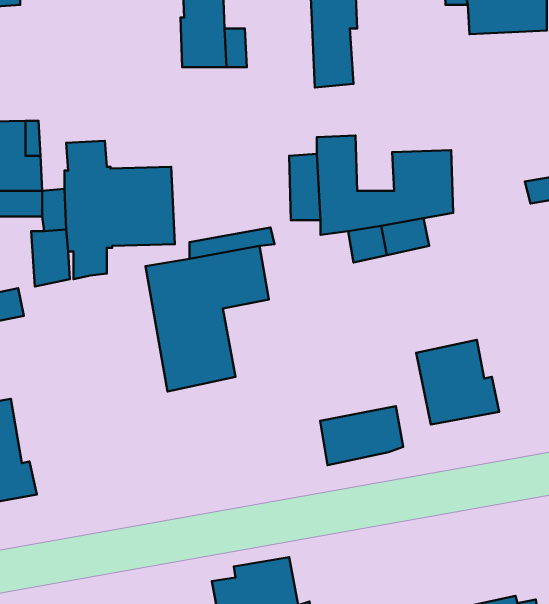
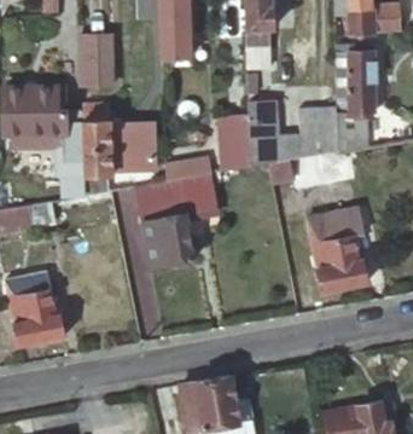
building: none -> [83,36,110,86]
building: none -> [335,51,376,154]
building: [320,406,403,465] -> [309,203,363,242]

